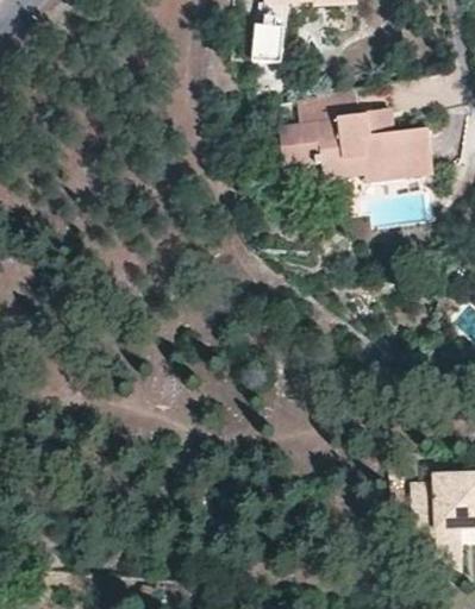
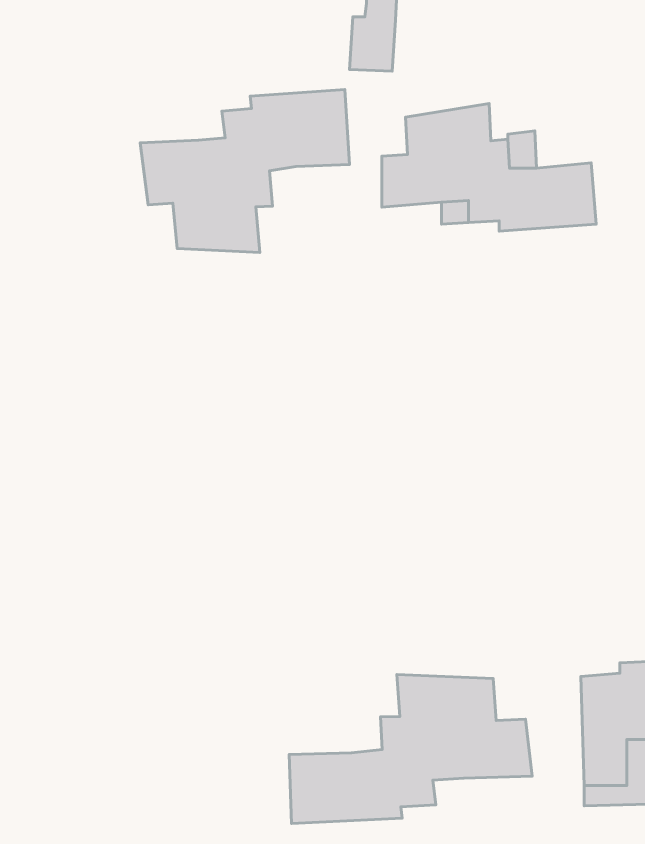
building: none -> [140,89,349,252]
building: none -> [289,675,532,824]

